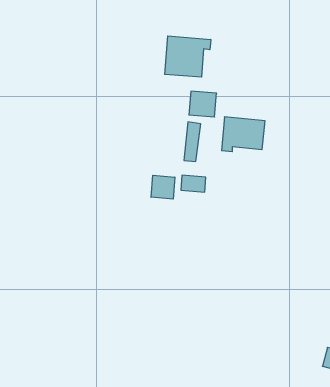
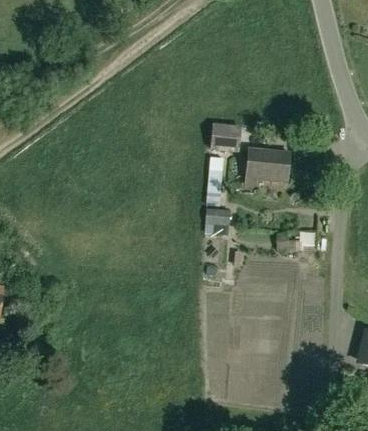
building: [165,36,211,77] -> none
building: [151,175,175,199] -> none

